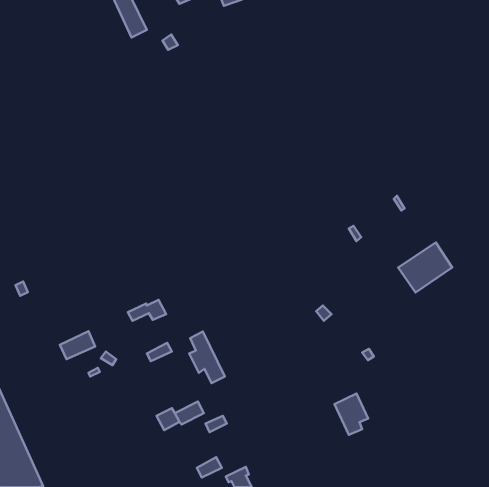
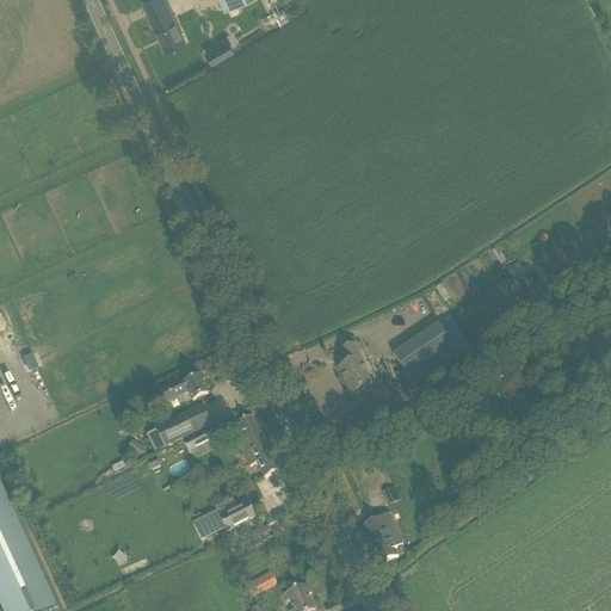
building: [398,242,452,292] -> [390,320,457,382]
building: none -> [337,340,370,391]
building: [60,331,95,359] -> [153,408,197,443]
building: [334,393,368,435] -> [360,510,402,561]

